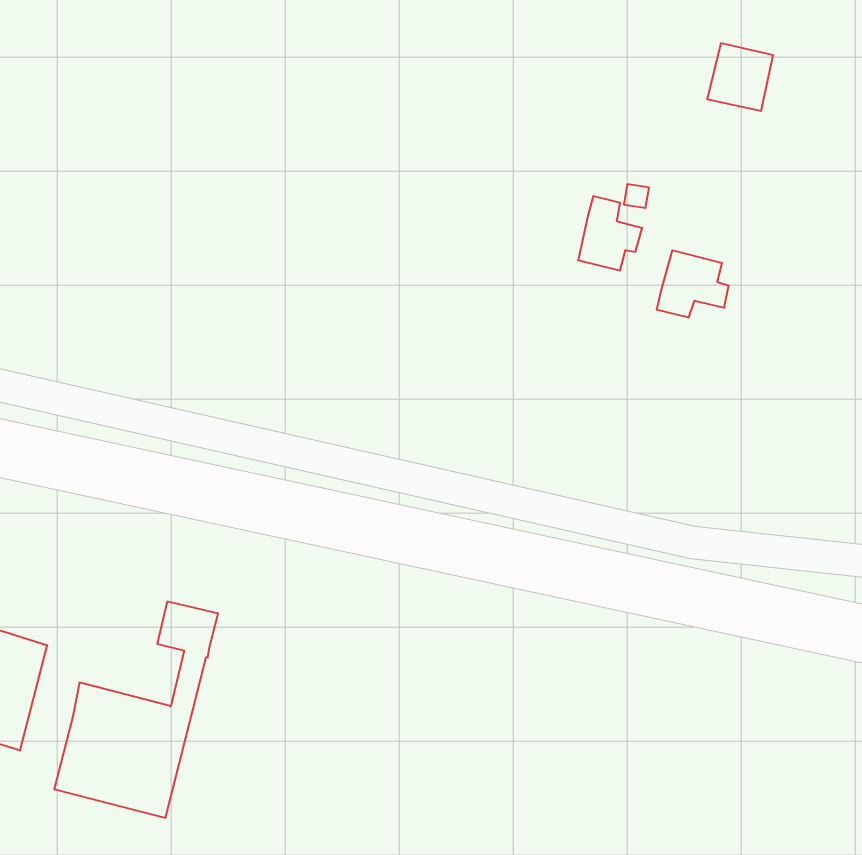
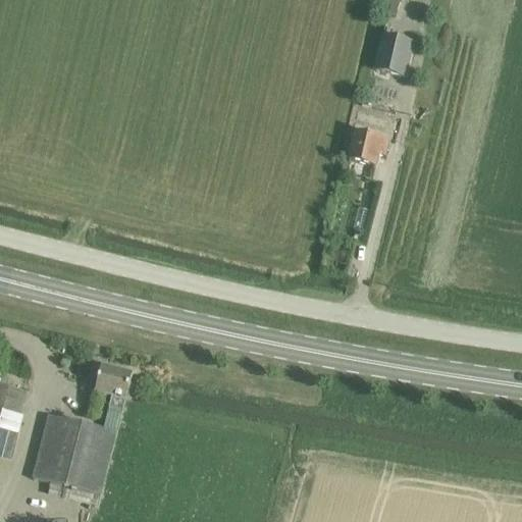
building: [707,43,773,111] -> [373,33,413,73]
building: [657,250,729,318] -> none

